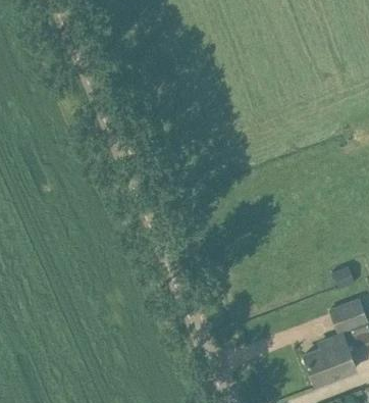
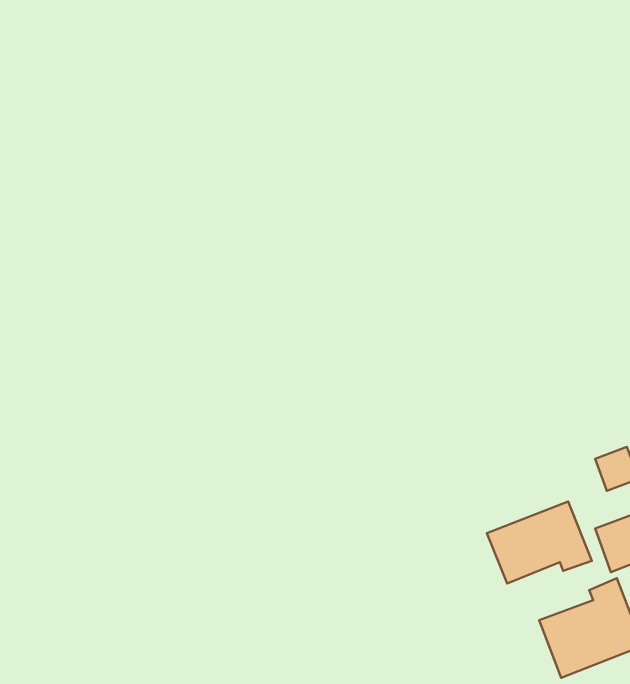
building: none -> [487,501,592,584]

